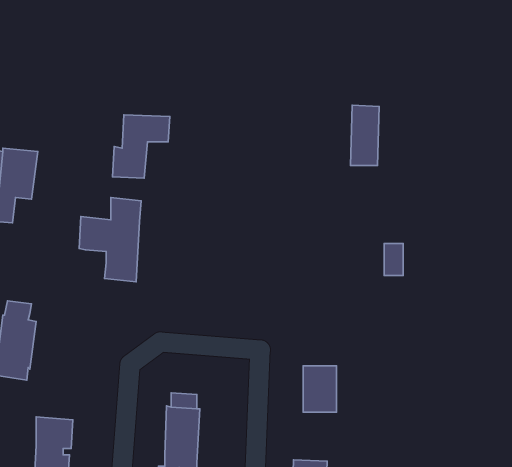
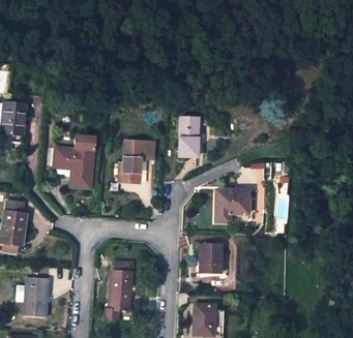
building: [350,105,379,165] -> [179,116,198,155]
building: [113,115,170,178] -> [118,141,155,182]
building: none -> [215,189,249,222]

